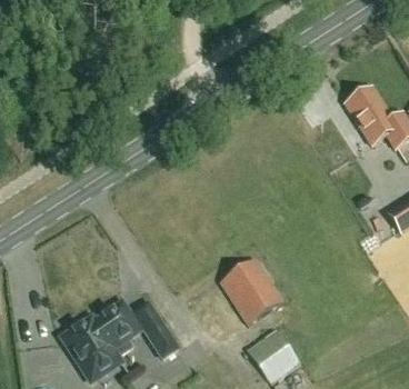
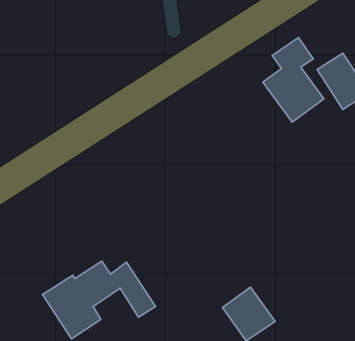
building: none -> [263,37,324,122]
building: [219,257,282,323] -> none

